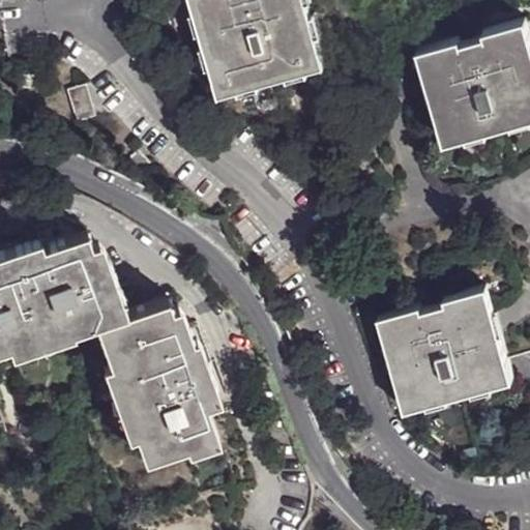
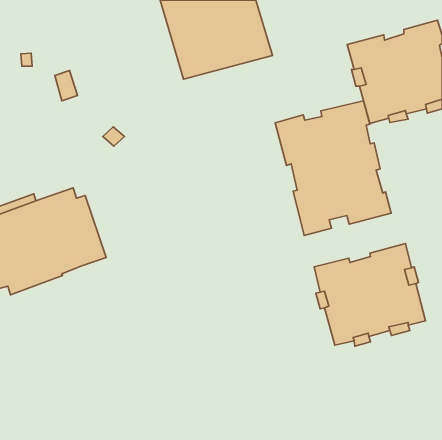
building: none -> [275,101,391,235]
building: [96,296,219,459] -> none

